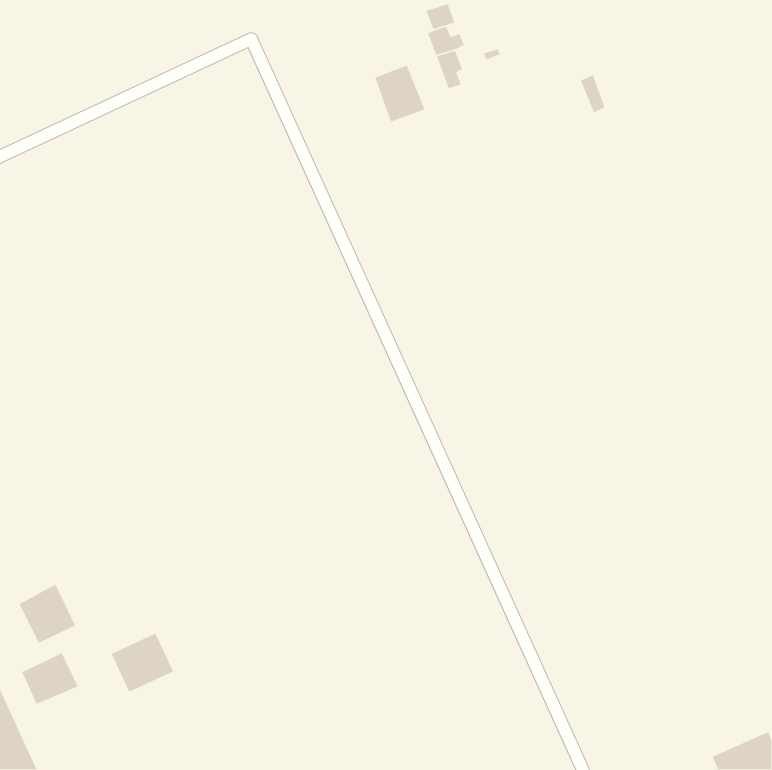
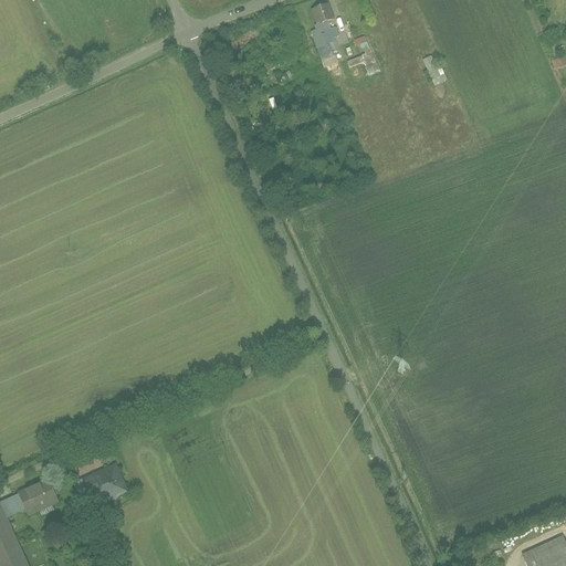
building: [374,65,425,122] -> none
building: [19,583,76,644] -> none

